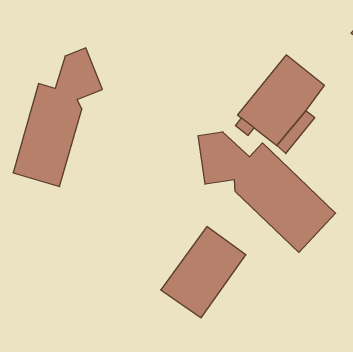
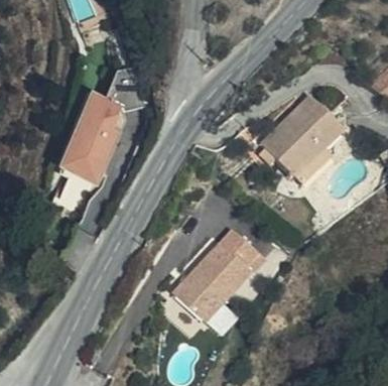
building: [198,132,336,252] -> none

